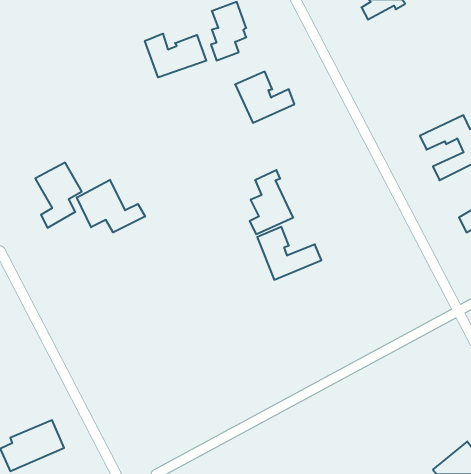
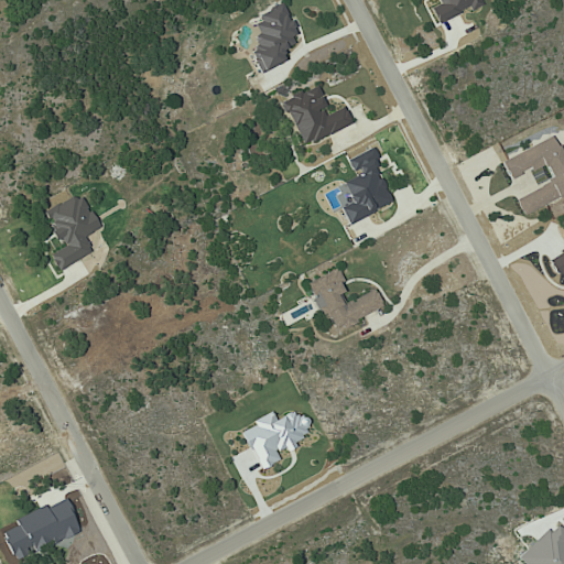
building: [145,34,206,77] -> none
building: [250,170,293,234] -> [343,147,394,223]
building: [77,180,145,232] -> none
building: none -> [245,411,312,469]

